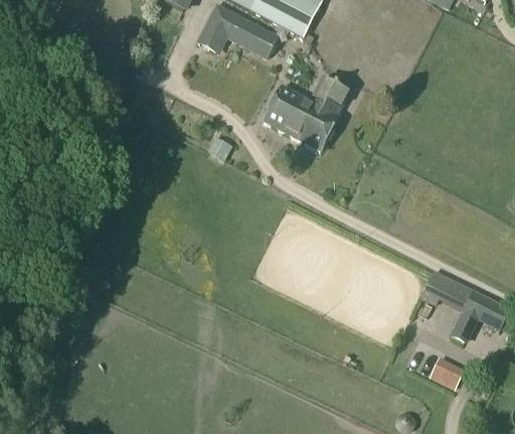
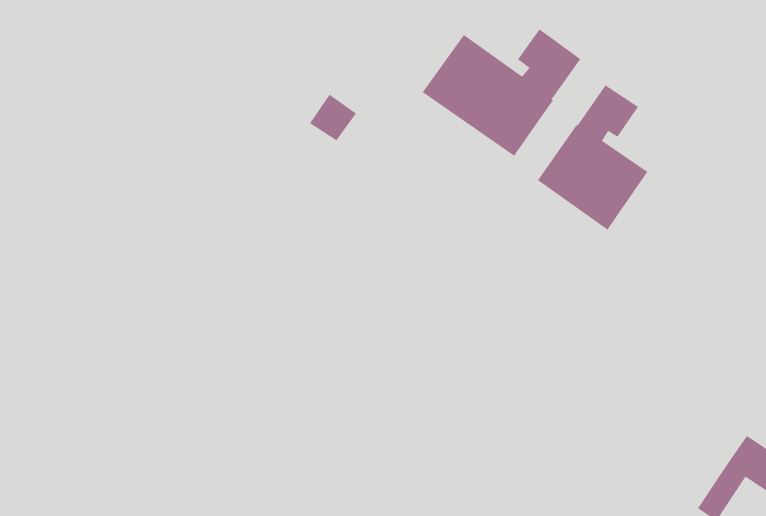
building: none -> [537,85,648,230]
building: [420,270,473,310] -> none

